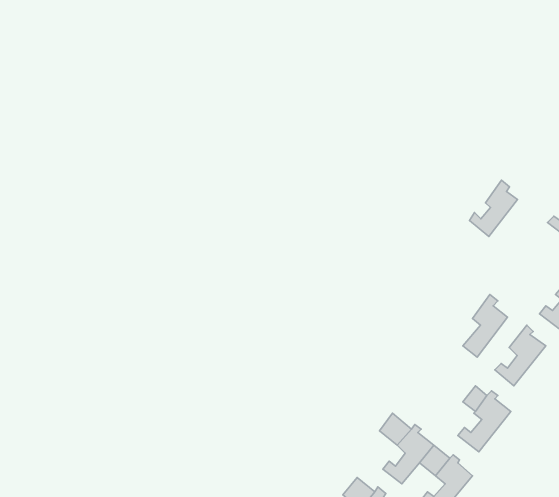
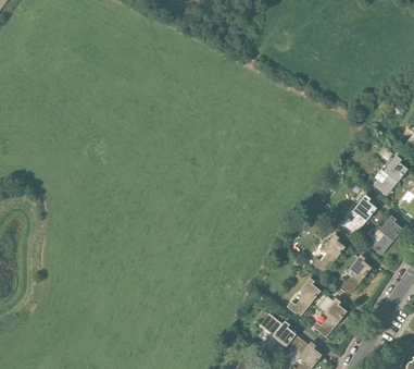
building: [470,180,518,236] -> [342,195,375,233]
building: none -> [286,274,321,316]

